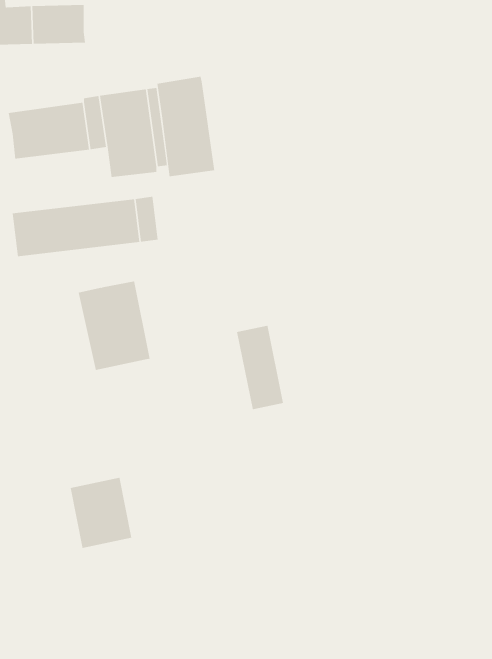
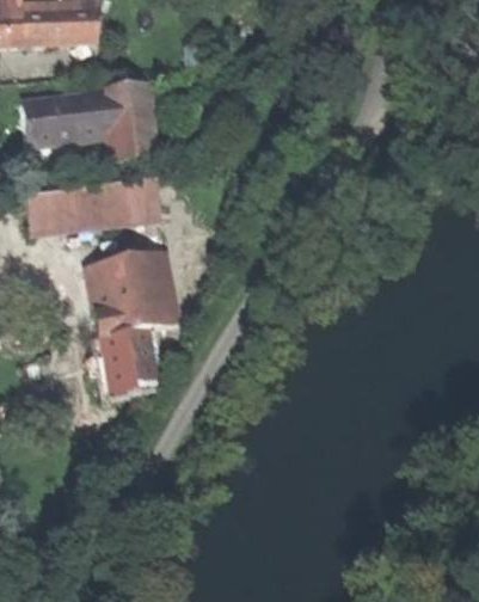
building: [157,76,215,177] -> none
building: [236,325,284,410] -> [136,250,179,326]
building: [70,477,132,549] -> [100,327,156,392]

